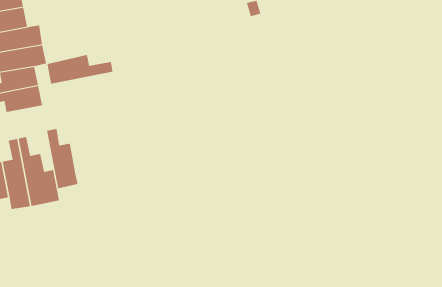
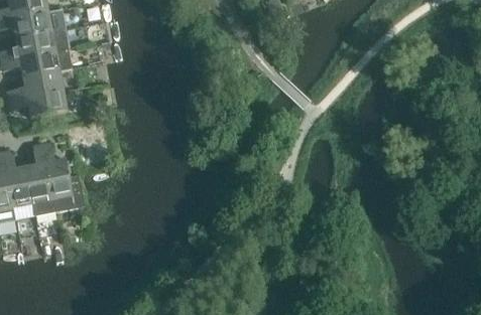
building: [47,54,113,85] -> none
building: [46,128,78,189] -> none

